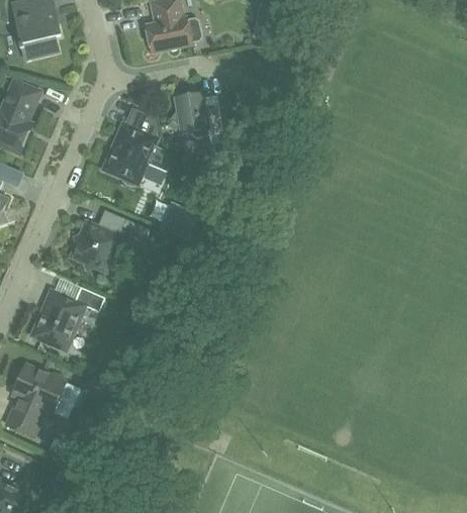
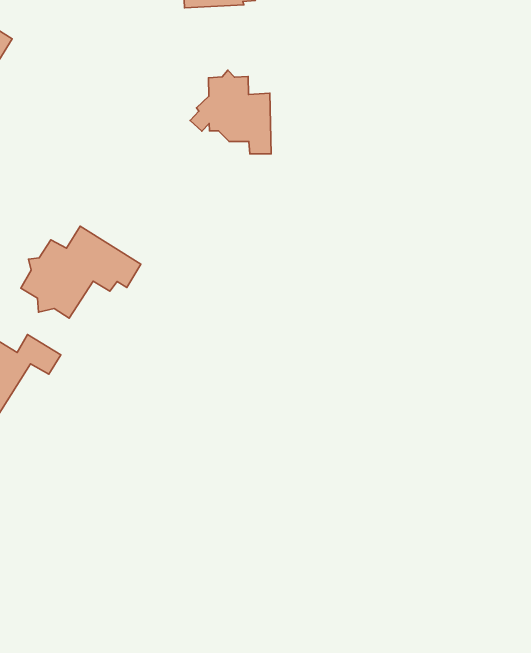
building: [103,104,169,187] -> none

